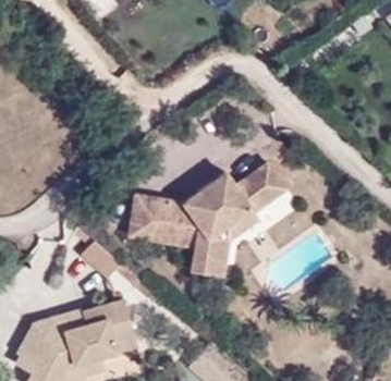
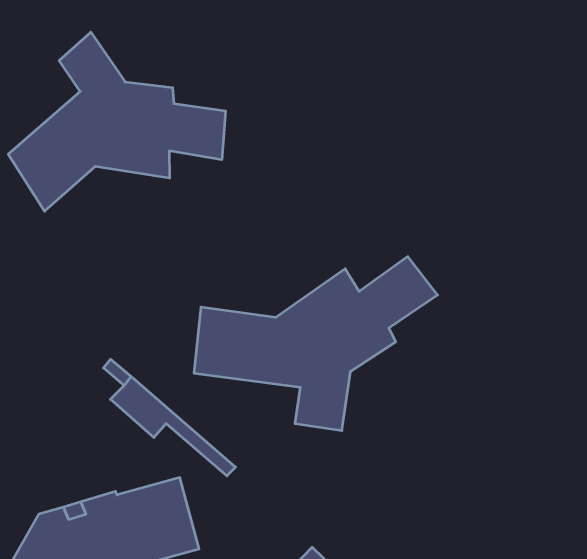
building: none -> [8,32,226,211]

